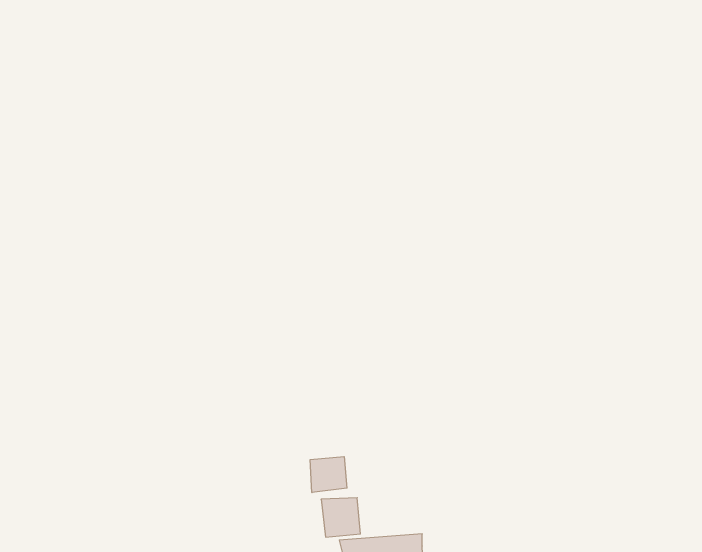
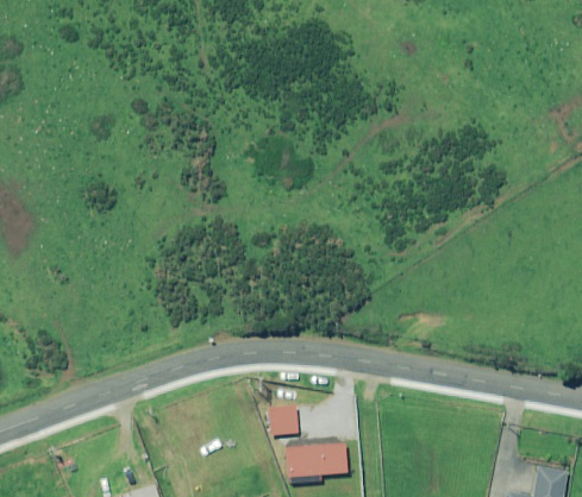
building: [310,457,347,493] -> none

